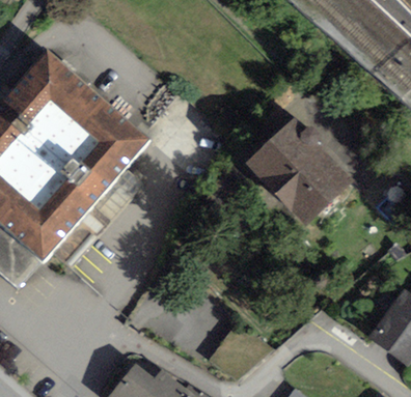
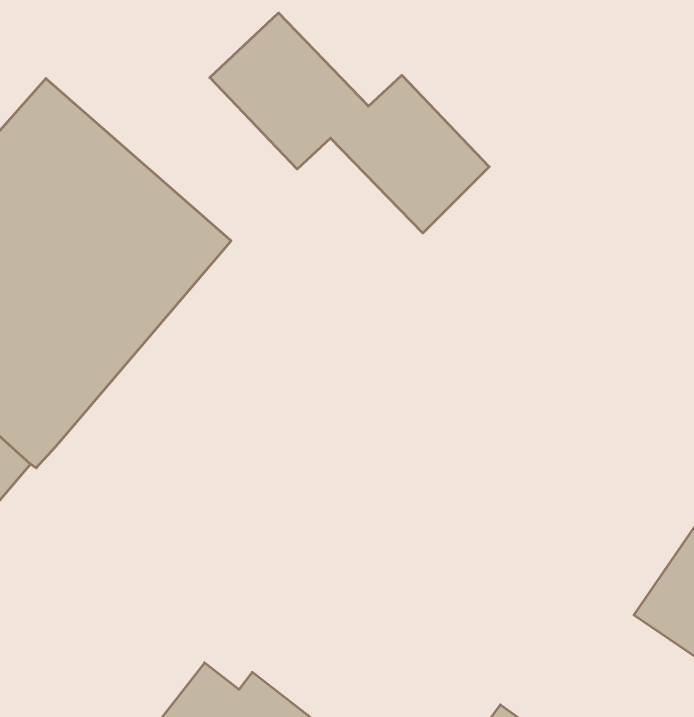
building: none -> [210,13,489,233]
building: [248,123,355,229] -> none

